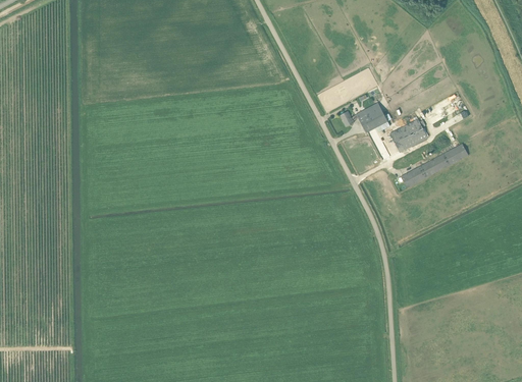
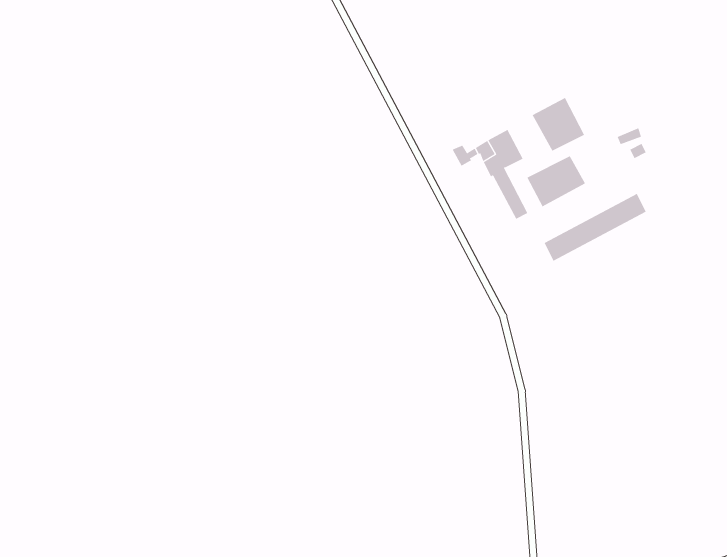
building: none -> [532,97,585,151]

